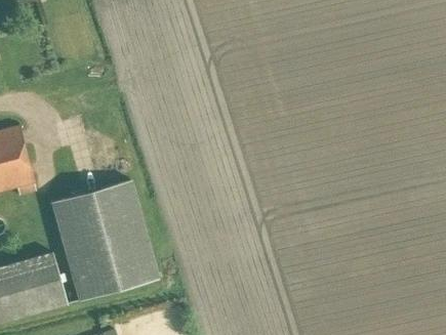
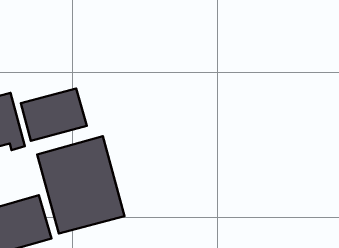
building: none -> [21,88,87,141]

